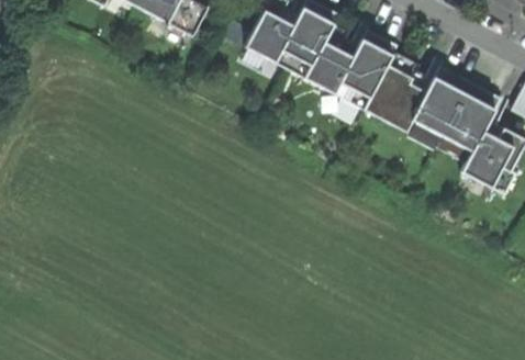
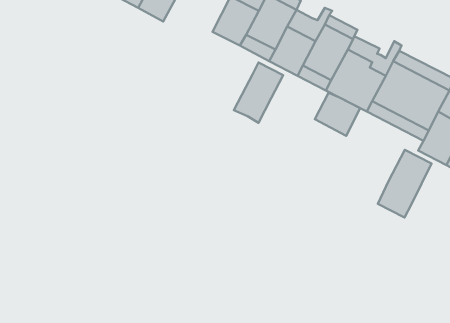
building: none -> [234,62,283,123]
building: none -> [315,93,360,136]
building: none -> [378,150,431,218]

